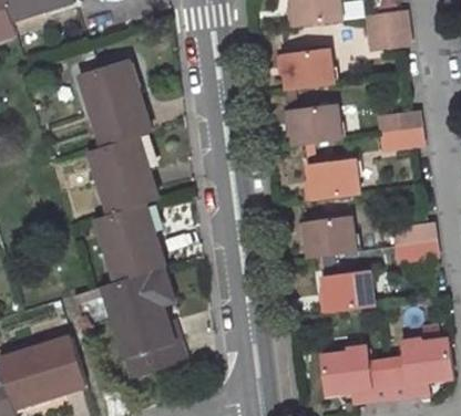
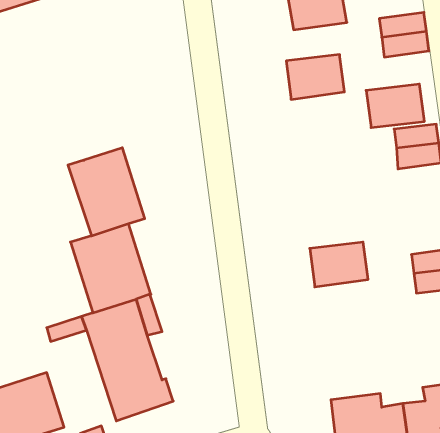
building: [79,58,150,145] -> none
building: [290,106,342,145] -> [366,84,424,128]
building: [308,160,359,200] -> none
building: [322,272,373,311] -> none

